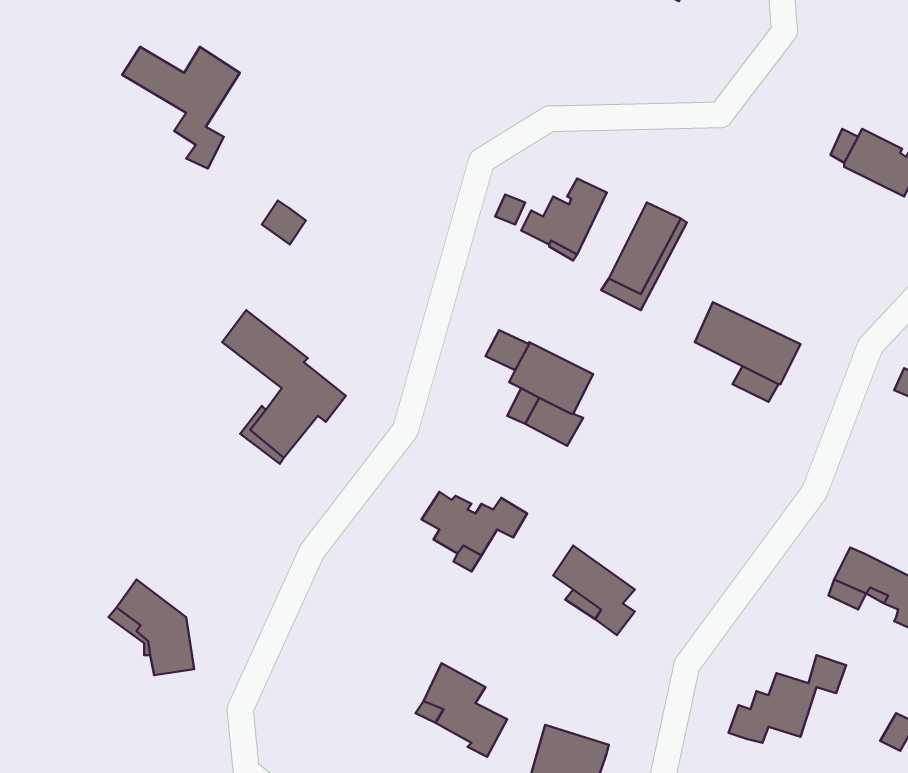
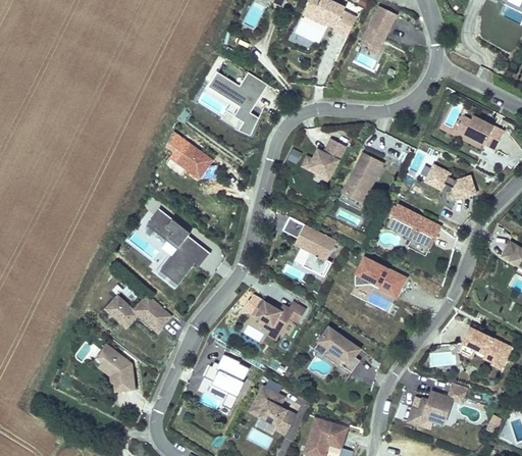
building: [122,47,240,169] -> [209,69,269,132]
building: none -> [182,142,214,176]
building: none -> [425,164,476,199]
building: none -> [355,253,408,298]
building: none -> [103,294,169,332]
building: none -> [203,355,248,410]

